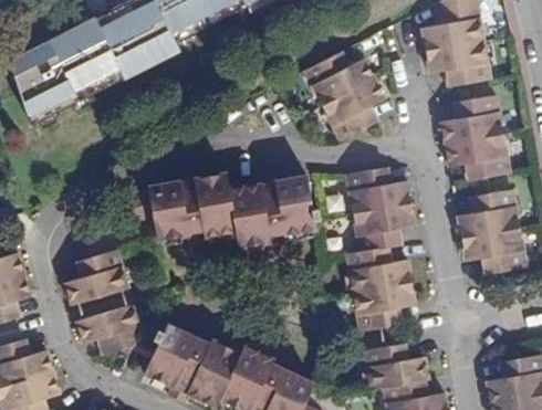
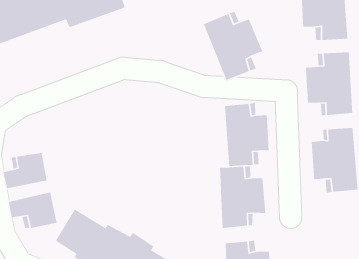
building: [132,168,314,244] -> none

